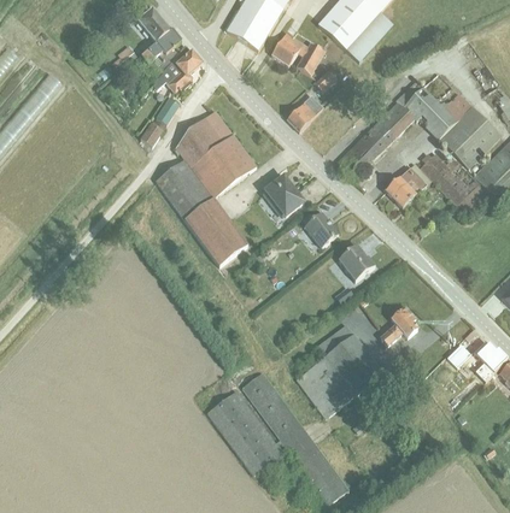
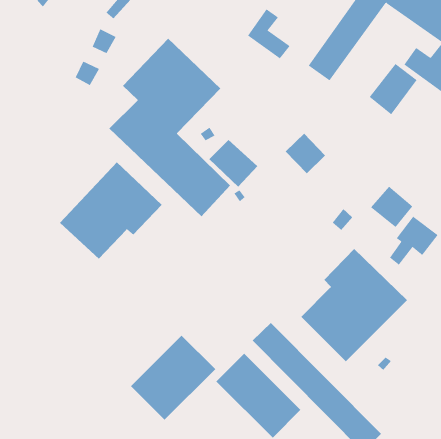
building: [264,176,306,219] -> [208,139,258,188]
building: none -> [59,161,162,260]
building: [336,244,374,282] -> [370,186,413,228]
building: none -> [130,335,216,421]

